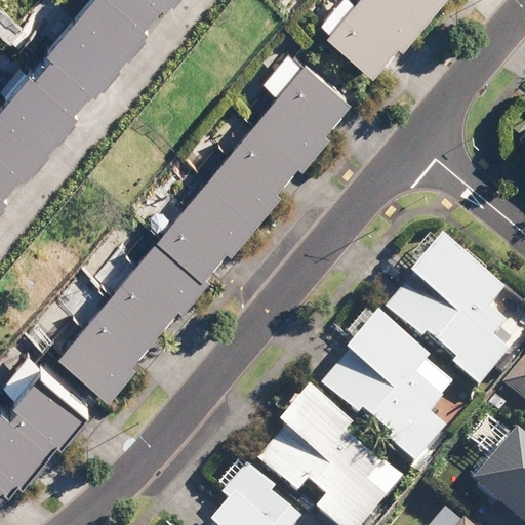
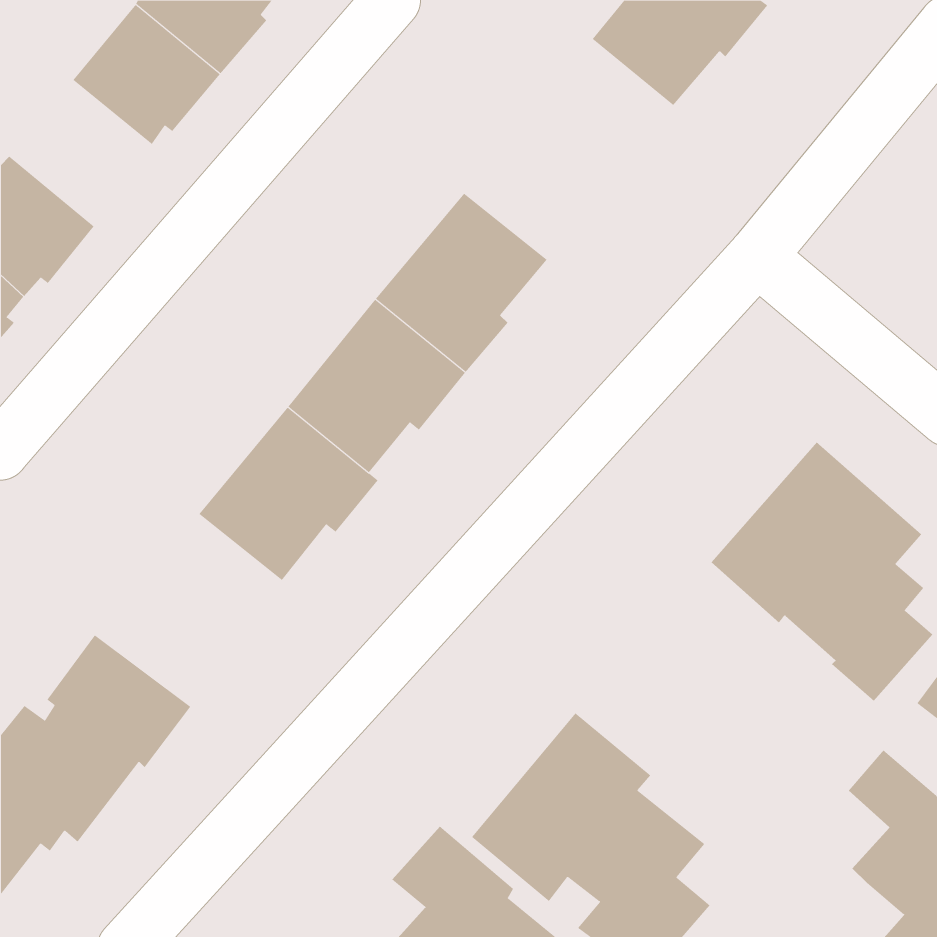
building: [11,50,90,131] -> none
building: [262,53,357,154] -> none
building: [68,290,162,391] -> none
building: [333,316,462,473] -> none

